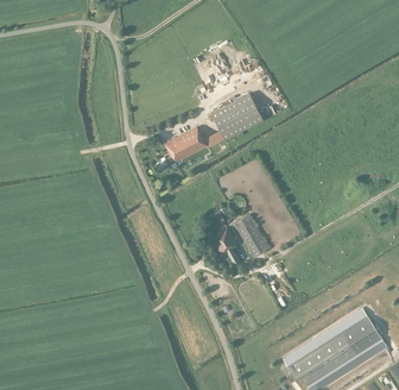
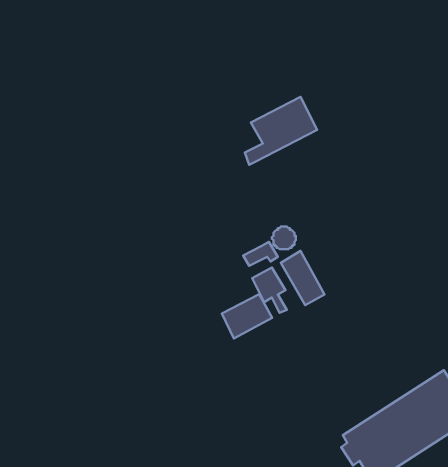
building: [158,128,209,174] -> none
building: none -> [222,294,272,338]

